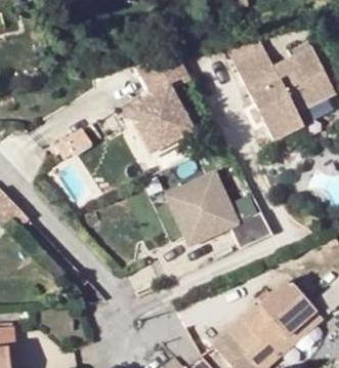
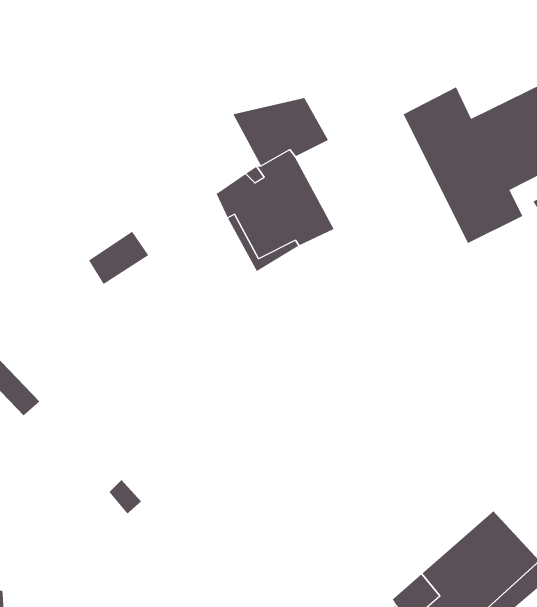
building: [172,168,276,246] -> none

